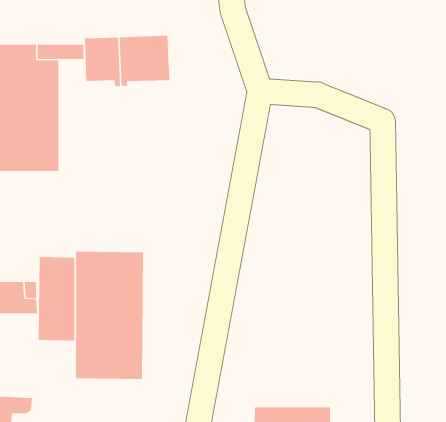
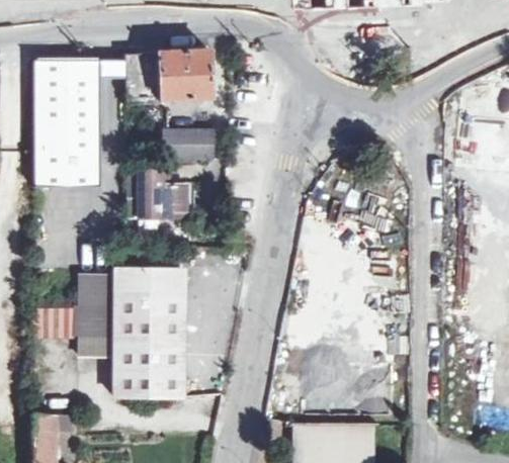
building: none -> [164,112,214,158]
building: none -> [132,169,193,217]

